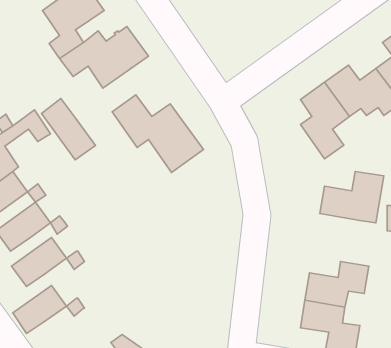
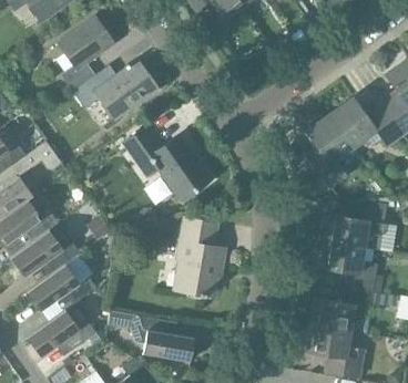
building: [41,99,96,160] -> none
building: none -> [175,218,224,297]
building: none -> [320,241,377,292]
building: none -> [109,311,194,362]

